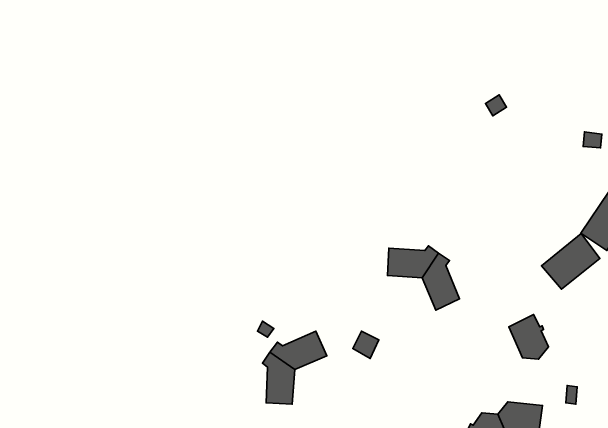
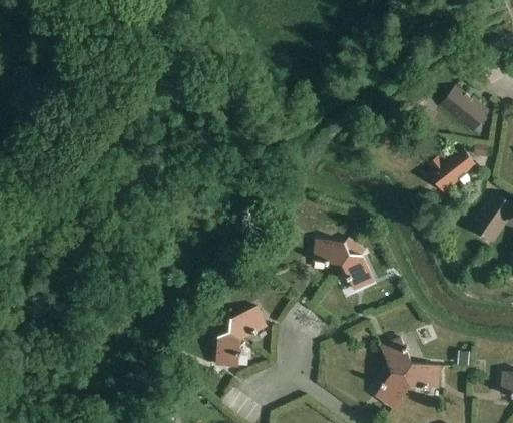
building: none -> [439,87,486,132]
building: [542,234,600,289] -> [427,147,474,192]
building: [509,315,549,359] -> [379,338,411,374]

